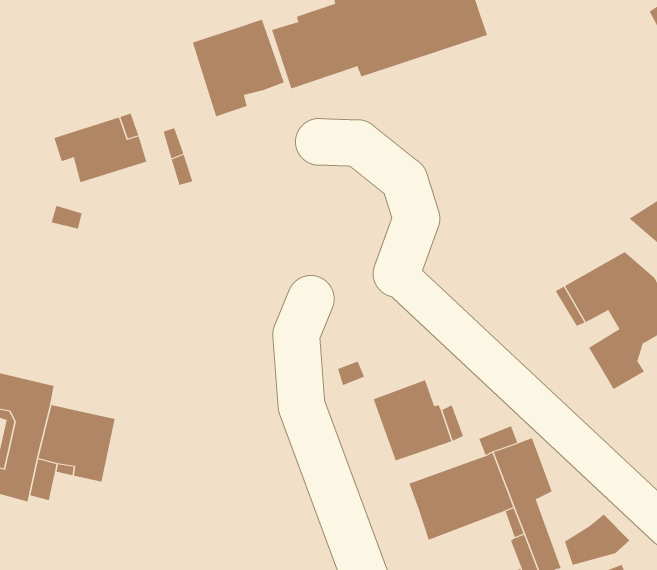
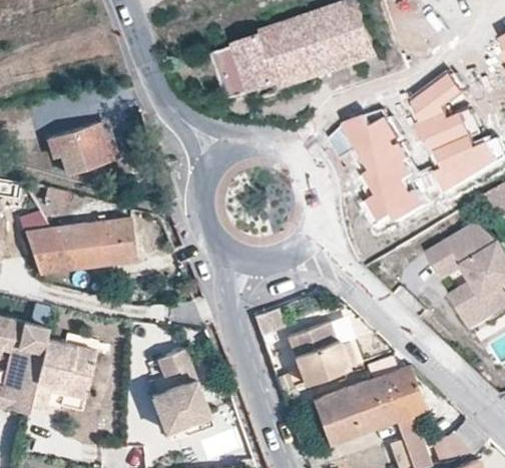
building: [192,19,284,117] -> none
building: none -> [410,76,496,191]
building: none -> [328,115,424,221]
building: none -> [25,219,136,277]
building: none -> [147,348,205,431]

